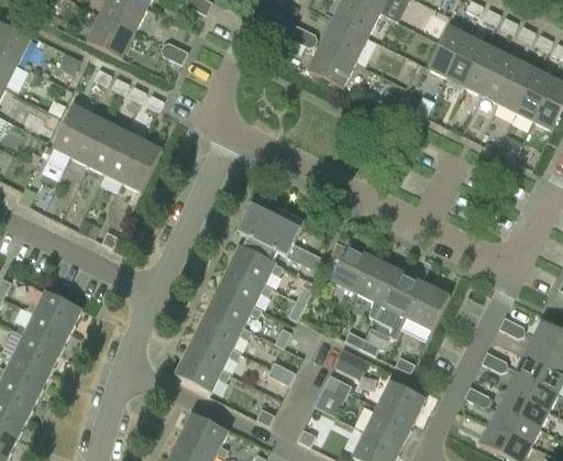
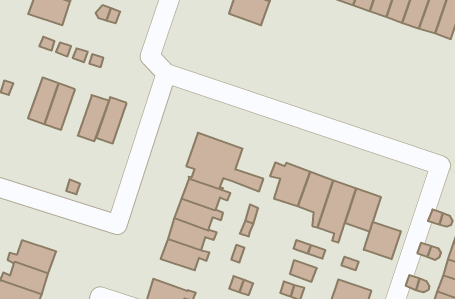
building: [51,105,91,156] -> none
building: [104,131,143,183] -> [96,97,127,143]
building: none -> [364,222,401,259]
building: [185,331,240,371] -> none

